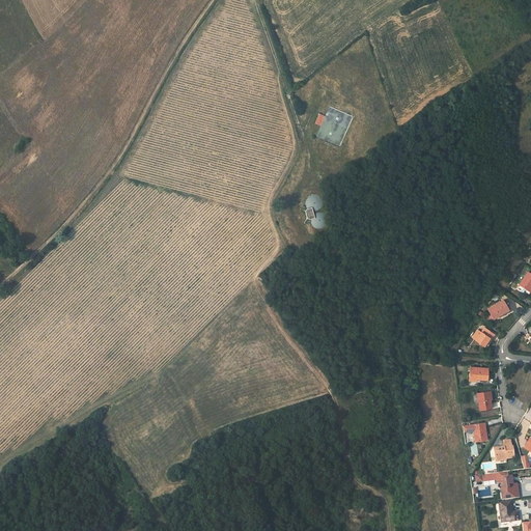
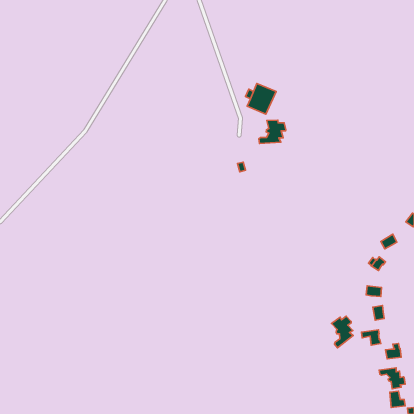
building: none -> [259,120,286,143]
building: none -> [332,316,353,348]

